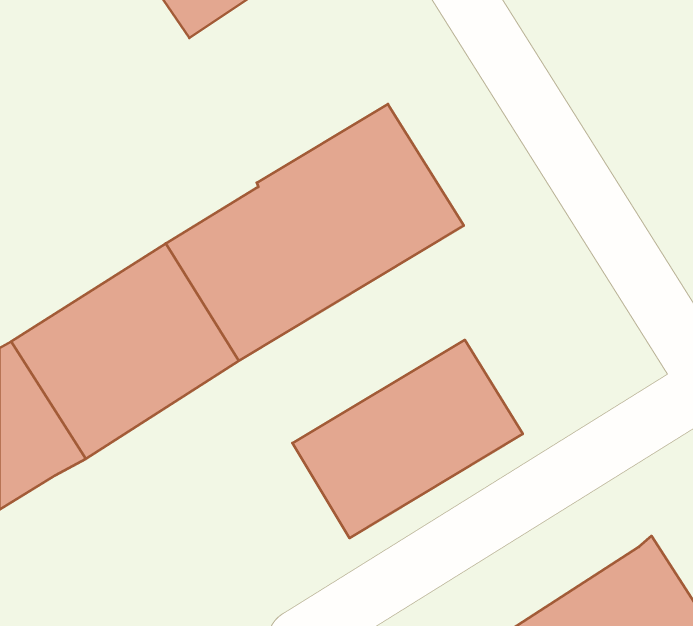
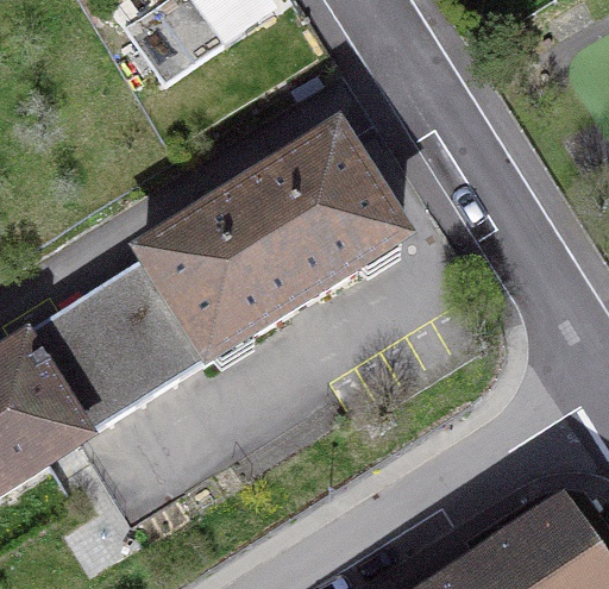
building: [292,340,523,538] -> none

